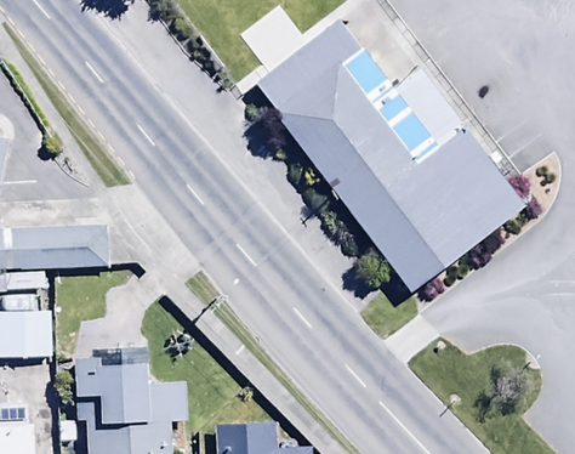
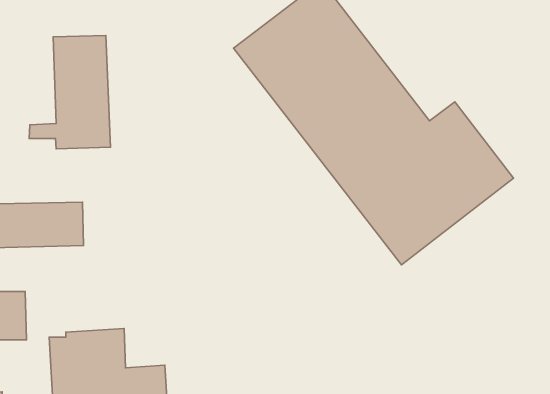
building: none -> [29,35,110,149]

